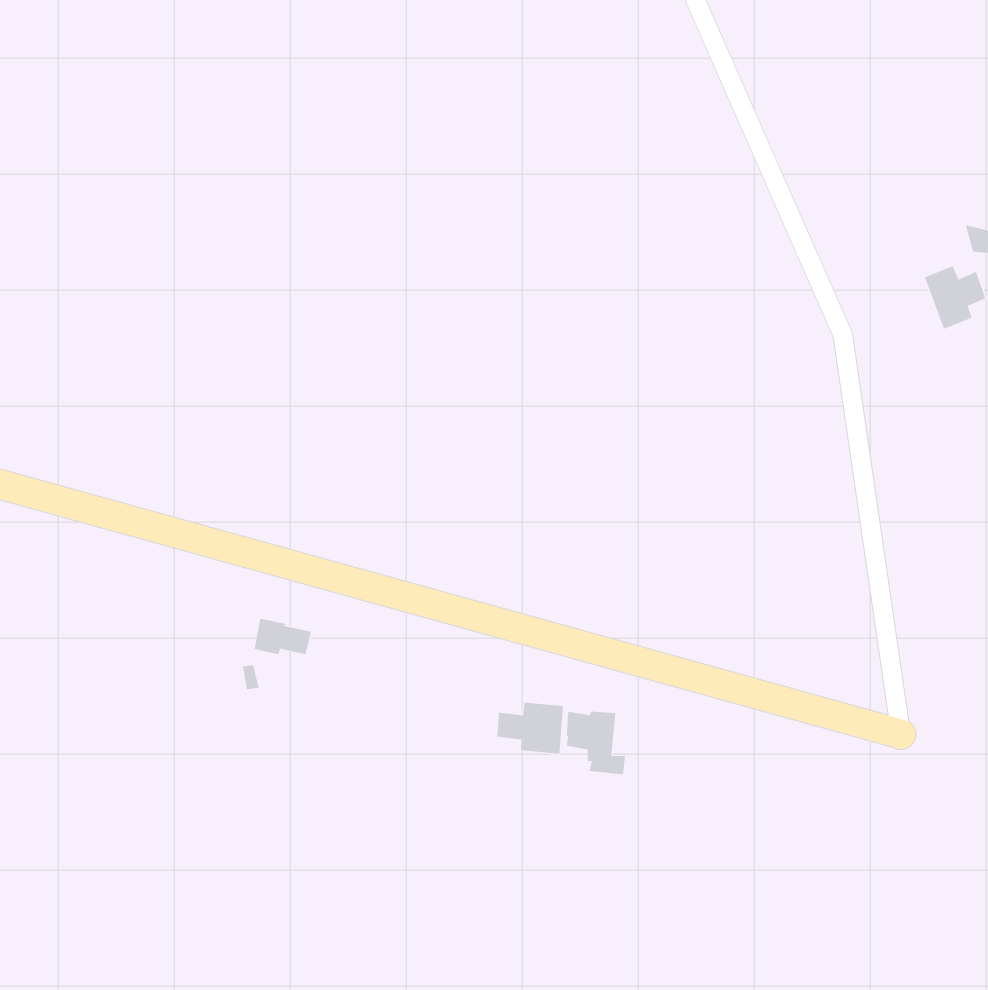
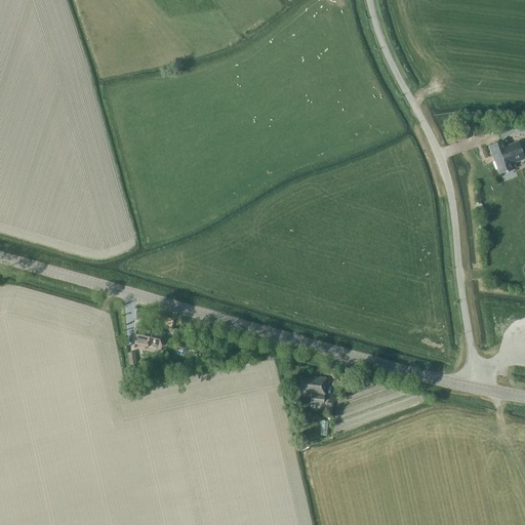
building: [497,702,564,755] -> none

